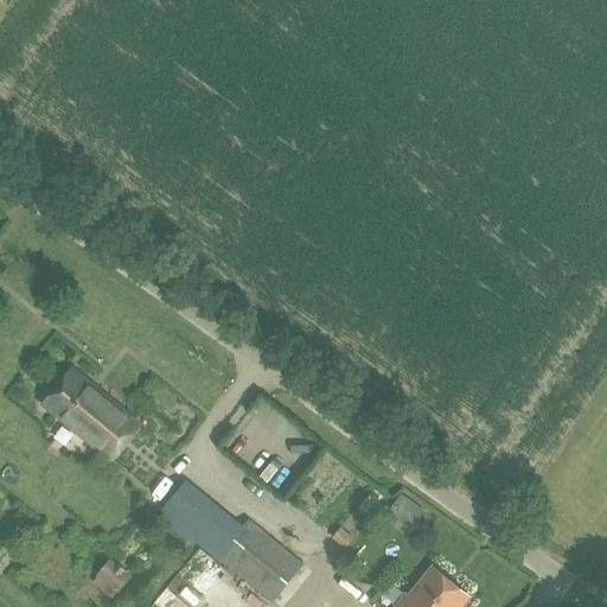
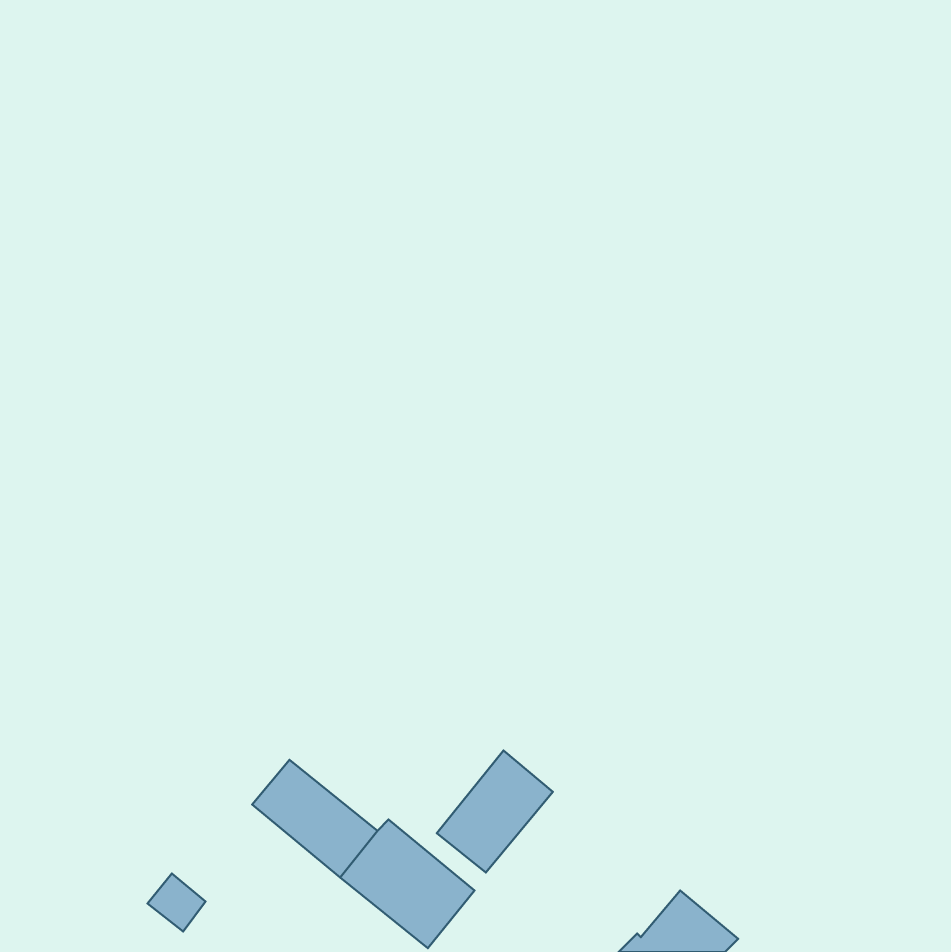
building: [43,371,139,461] -> none
building: none -> [437,751,553,872]

